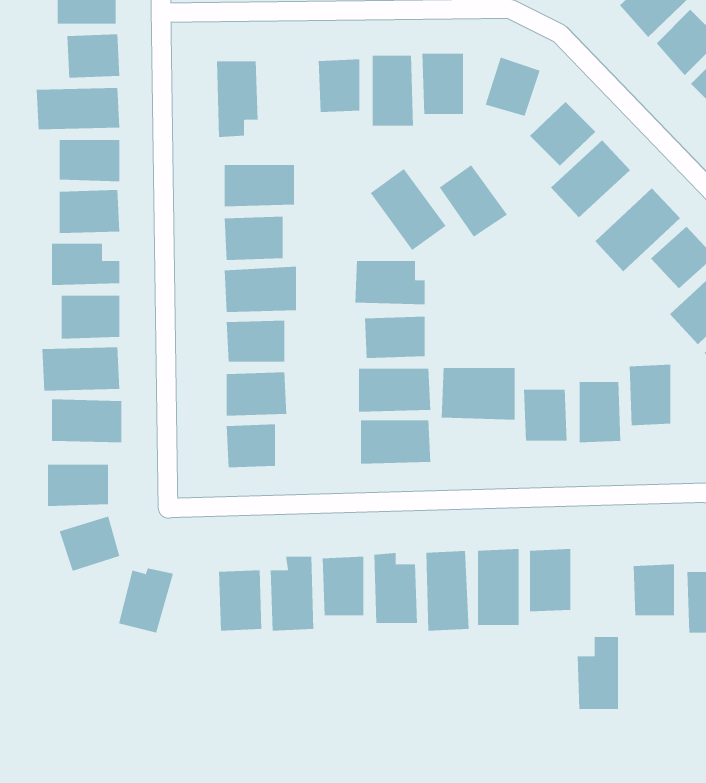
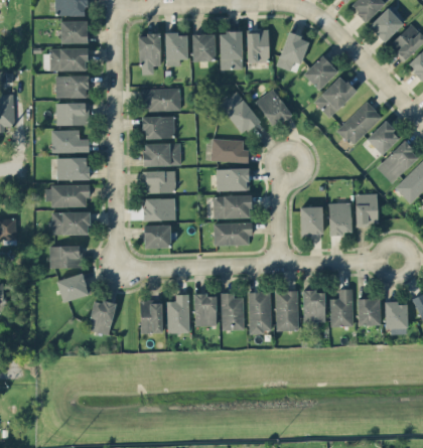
building: none -> [165,33,188,65]
building: [441,367,515,421] -> none
building: [577,636,619,709] -> [330,288,352,326]

